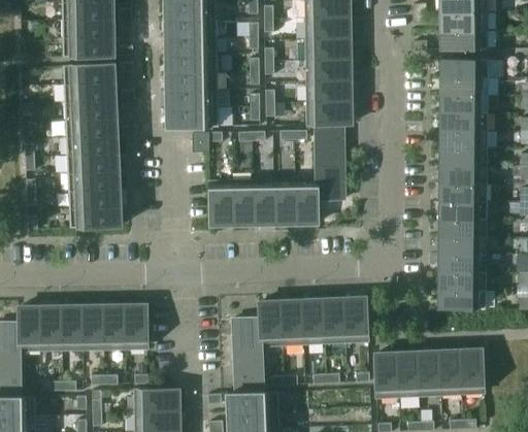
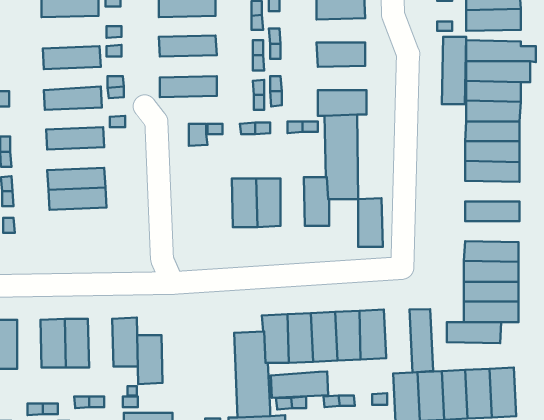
building: [62,36,113,57] -> none
building: [166,36,217,55] -> none
building: [306,38,350,60] -> none
building: none -> [442,37,466,104]
building: [167,71,218,91] -> none
building: [307,80,351,102] -> none
building: [64,81,114,102] -> none
building: [167,107,219,127] -> none
building: [65,118,117,137] -> none
building: [67,153,118,173] -> none
building: [274,179,296,223] -> [358,198,383,247]
building: [209,180,232,225] -> none
building: [438,182,487,201] -> none
building: [69,206,121,227] -> none
building: [438,219,487,237] -> [447,322,501,343]
building: none -> [410,309,433,372]
building: [103,305,126,348] -> [137,335,163,384]
building: [40,306,62,350] -> none
building: none -> [271,371,328,398]

